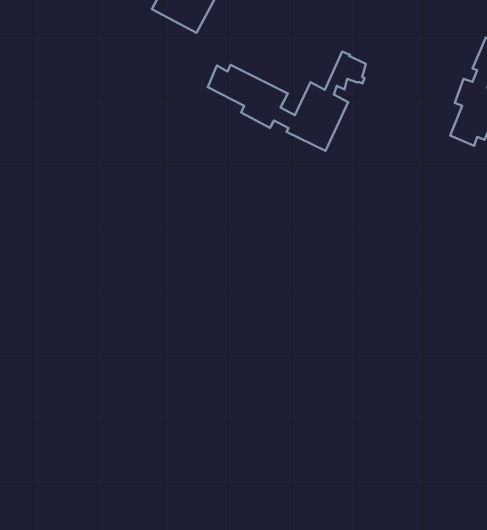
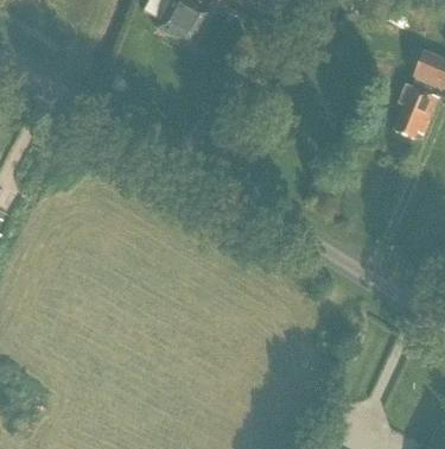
building: [208,51,366,151] -> none

